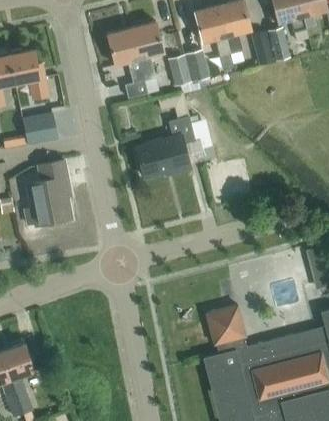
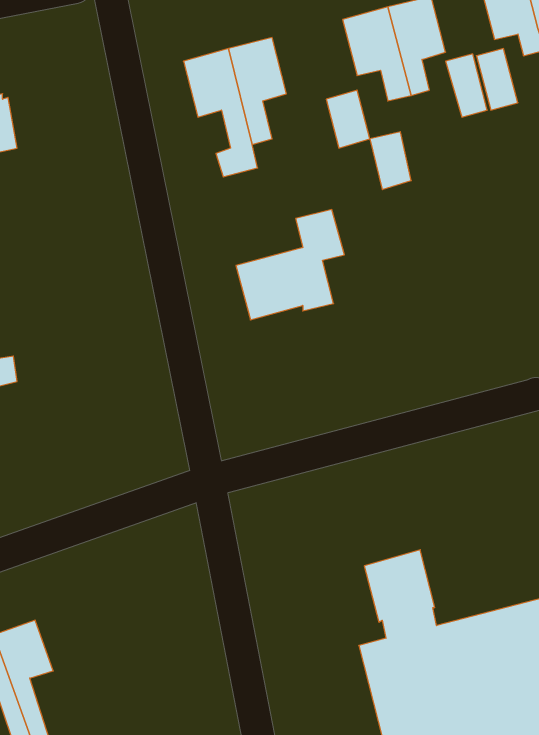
building: [9,50,47,99] -> none
building: [168,56,191,88] -> [370,132,411,190]
building: [22,114,56,145] -> none
building: [24,161,71,226] -> none

